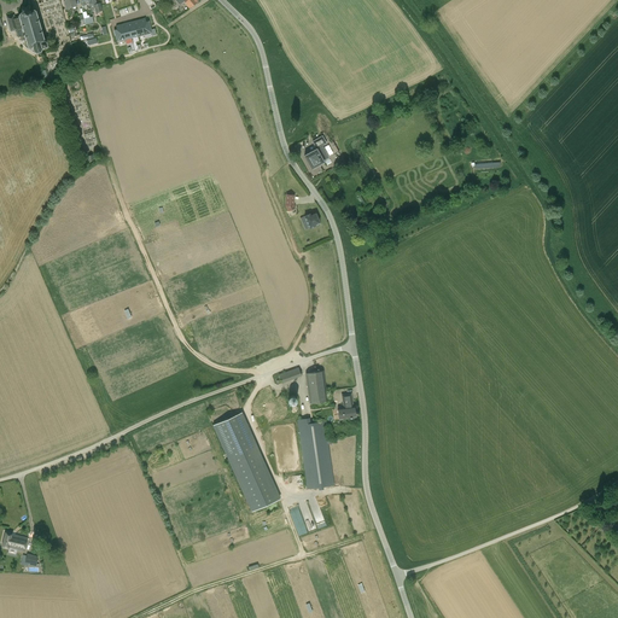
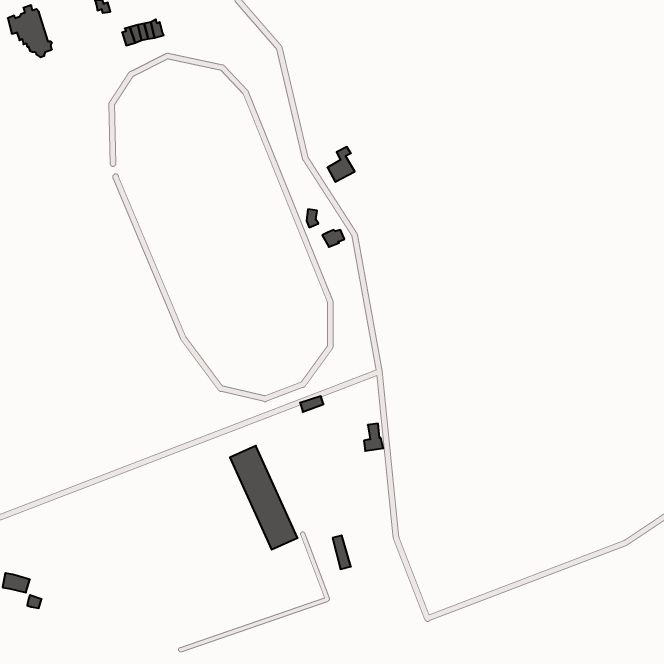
building: [305,371,327,403] -> none
building: [297,418,334,489] -> none

